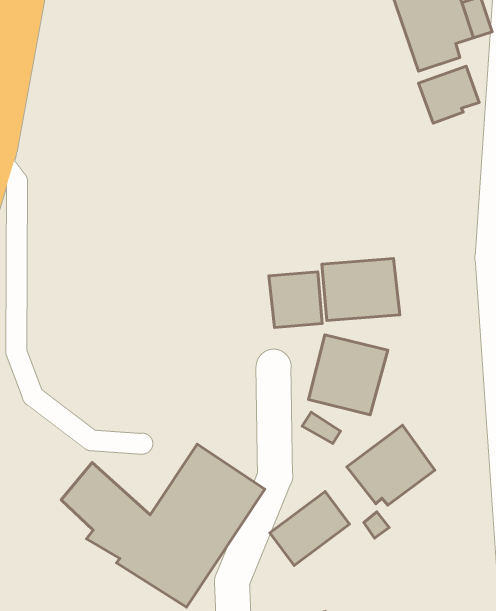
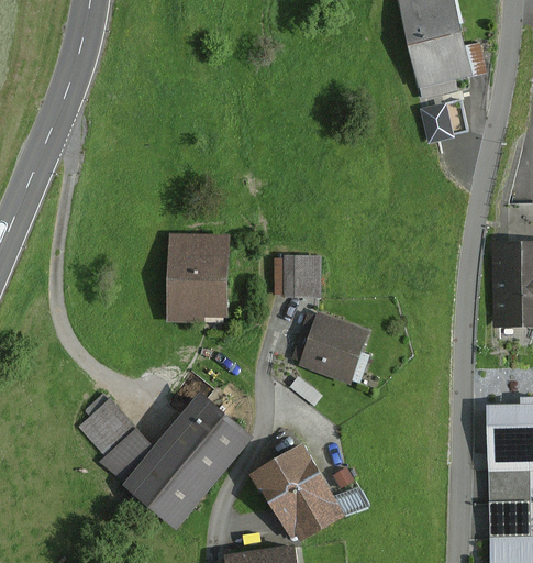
building: none -> [167,233,229,322]
building: [322,258,400,320] -> none
building: [347,425,435,505] -> [270,474,344,540]

